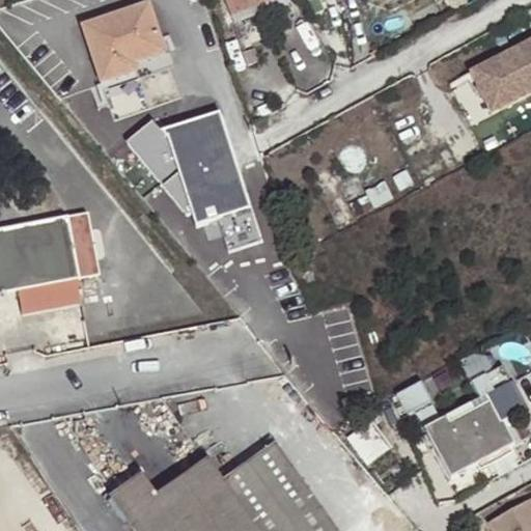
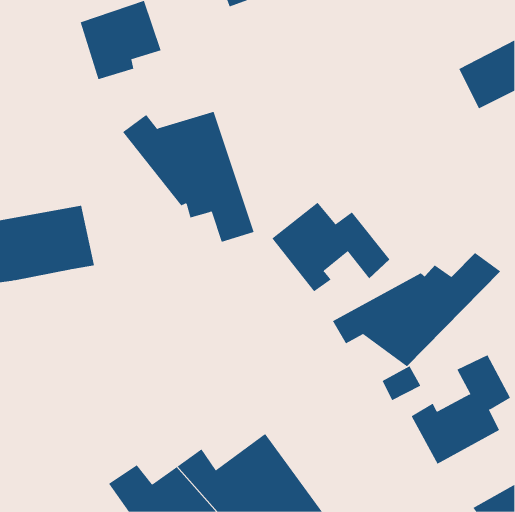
building: none -> [271,202,390,292]
building: none -> [332,252,501,367]
building: [15,277,78,313] -> none

